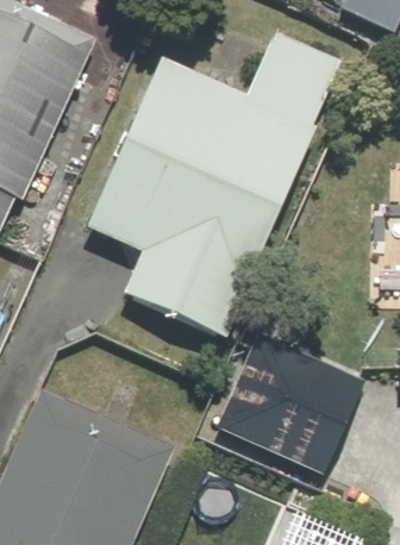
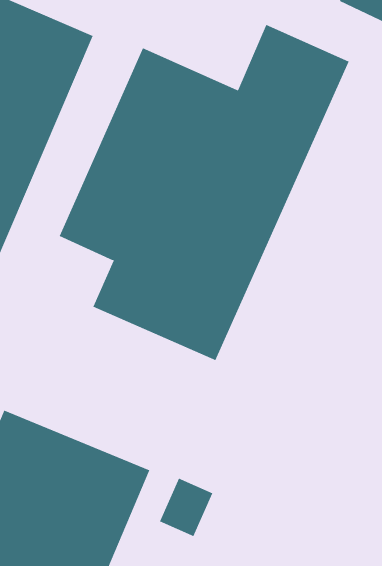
building: [210,331,357,469] -> none

